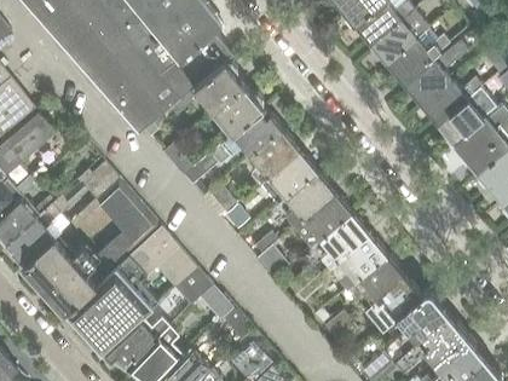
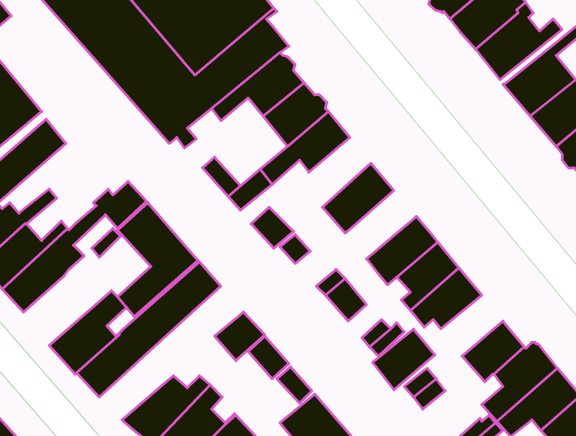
building: [248,127,298,183] -> none
building: [284,169,334,224] -> none
building: [18,237,91,293] -> none
building: [157,247,196,285] -> none
building: [353,253,403,301] -> [373,329,435,390]
building: [81,282,155,354] -> none

